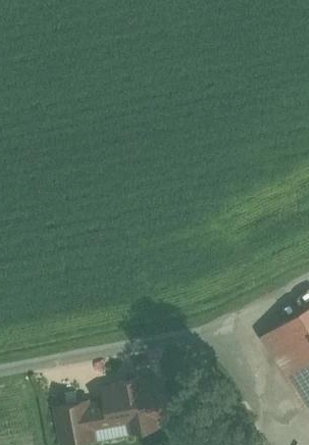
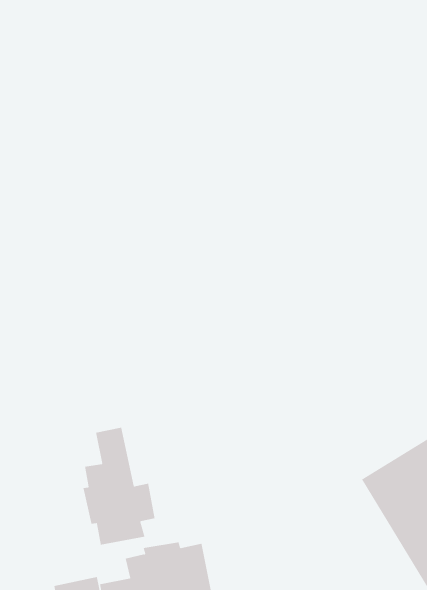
building: none -> [83,427,155,546]

